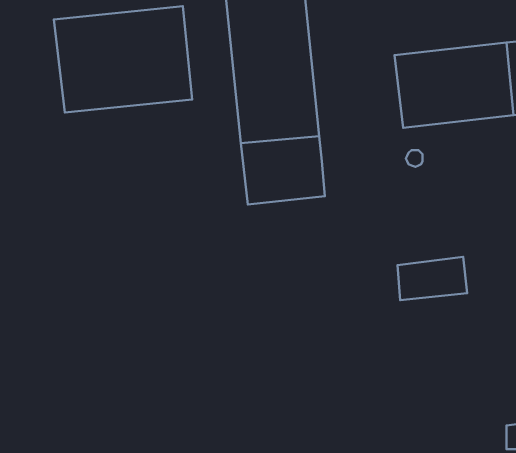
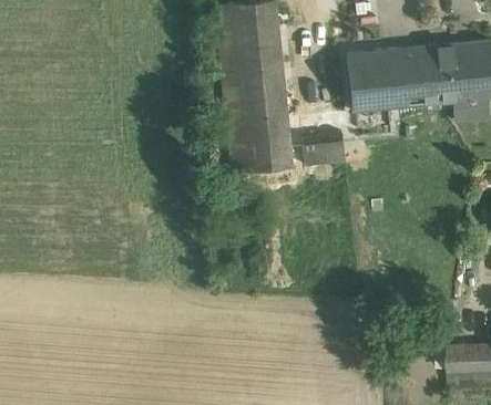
building: [54,6,192,112] -> none
building: [397,257,467,300] -> [290,131,346,165]

